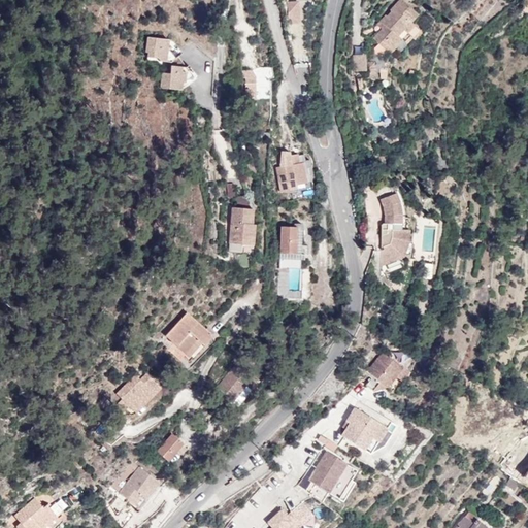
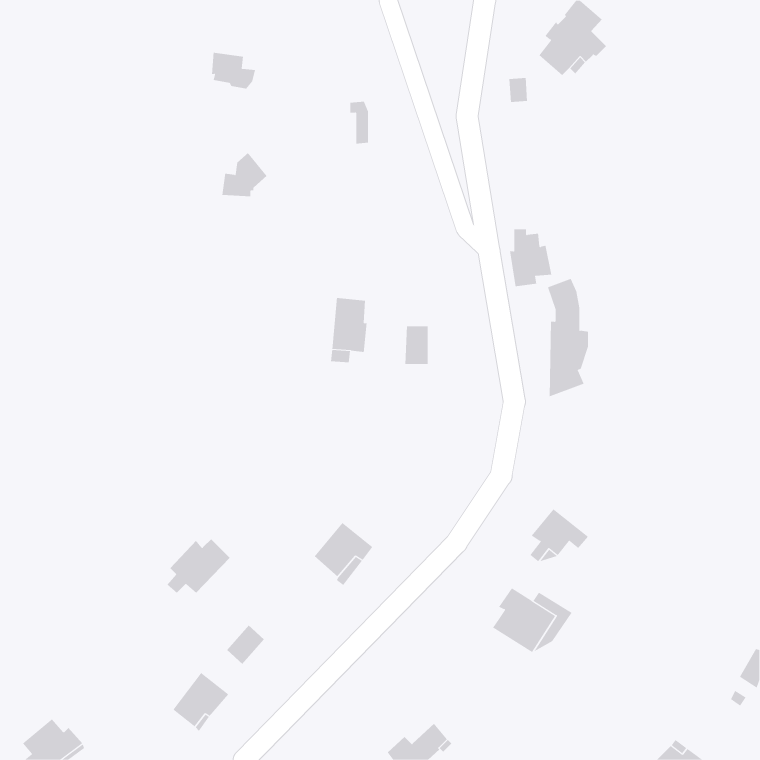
building: [161,58,193,89] -> [222,152,268,197]
building: [277,151,307,191] -> [509,229,552,287]
building: [166,311,213,357] -> none
building: [308,451,357,498] -> none

